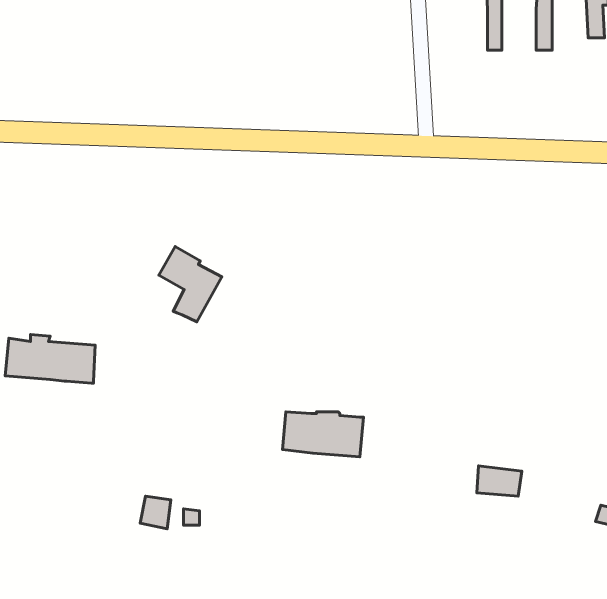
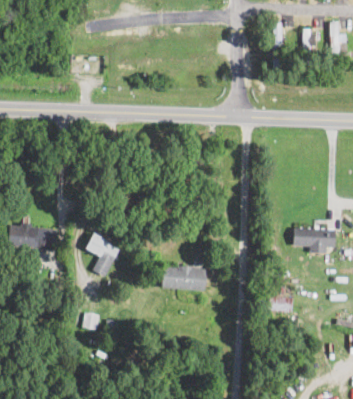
building: [159,246,222,322] -> [85,233,120,275]
building: none -> [293,228,335,253]

